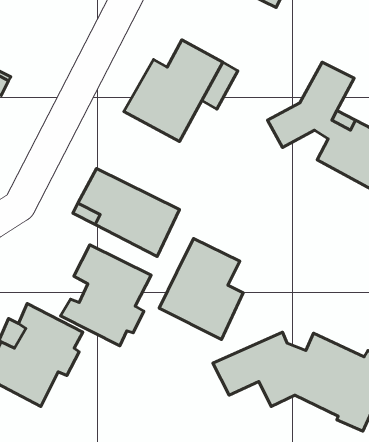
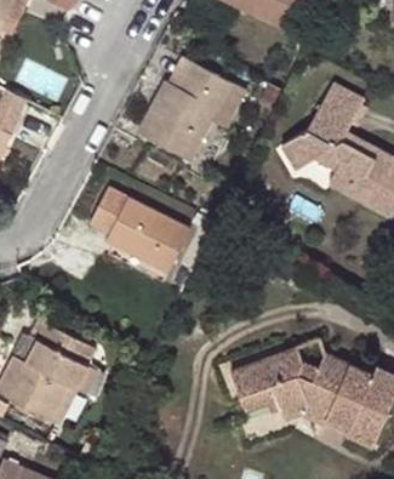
building: [159,239,243,339] -> none
building: [60,245,151,346] -> none

